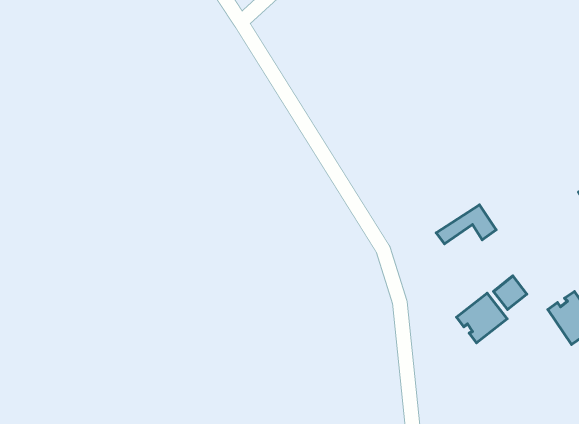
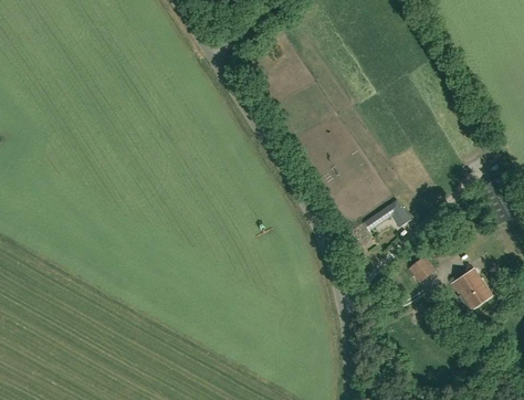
building: [456,293,507,343] -> none

